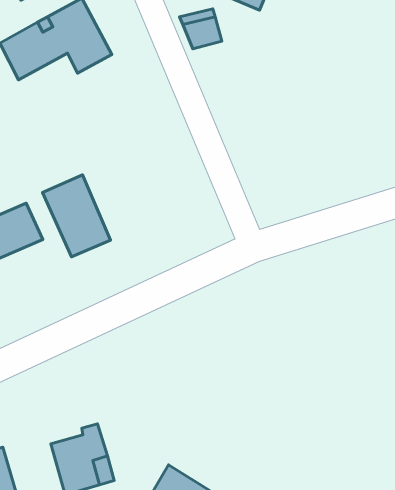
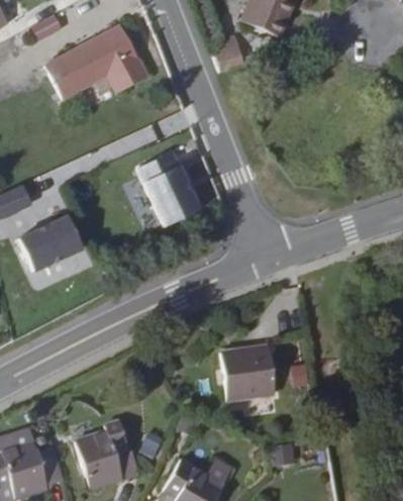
building: [43,175,110,257] -> [137,169,199,243]
building: none -> [234,338,286,392]

